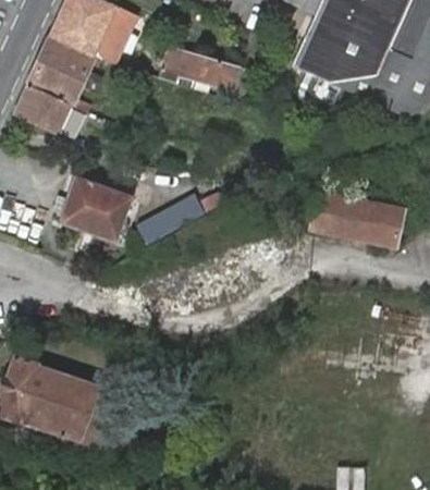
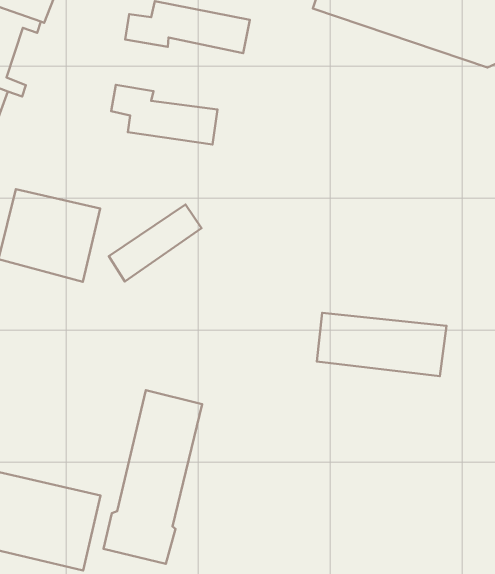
building: none -> [111,85,218,144]
building: [311,195,404,246] -> [317,313,446,376]
building: none -> [104,390,202,564]

